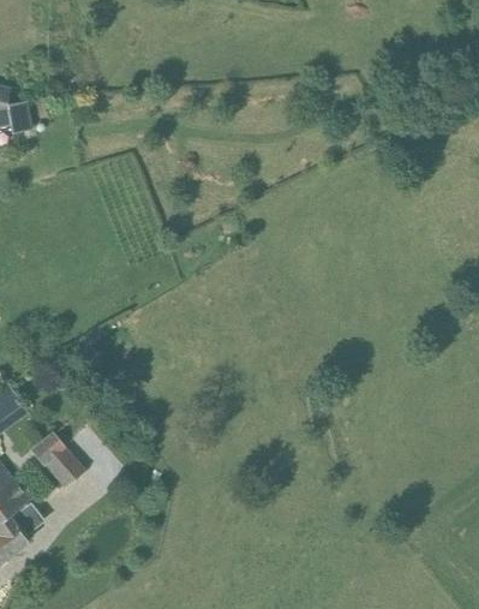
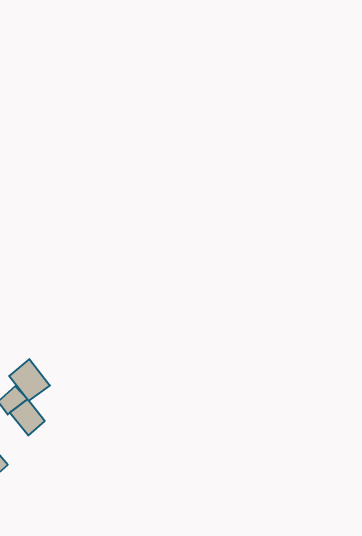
building: none -> [9,359,50,401]

